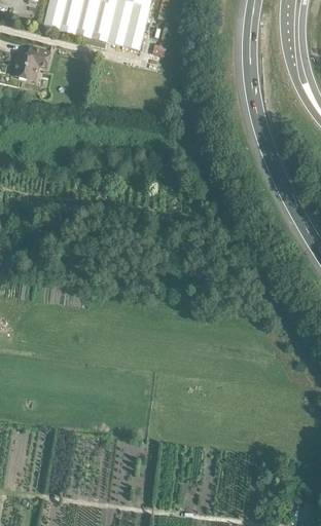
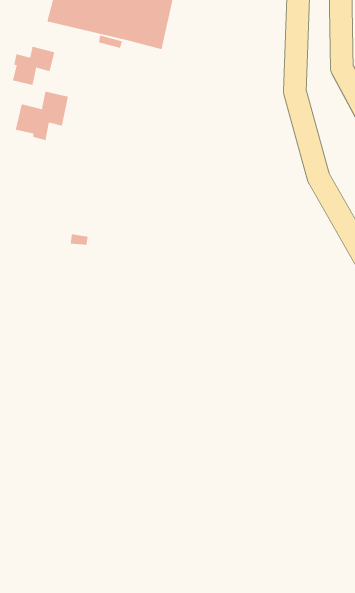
building: none -> [15,91,69,141]

